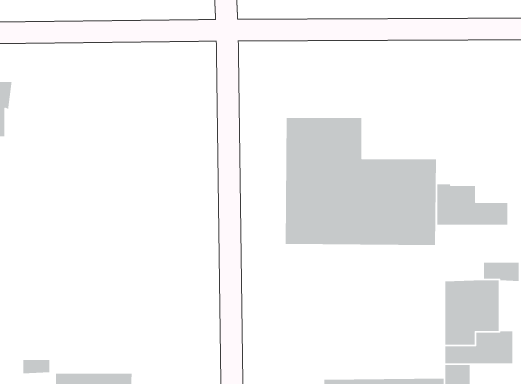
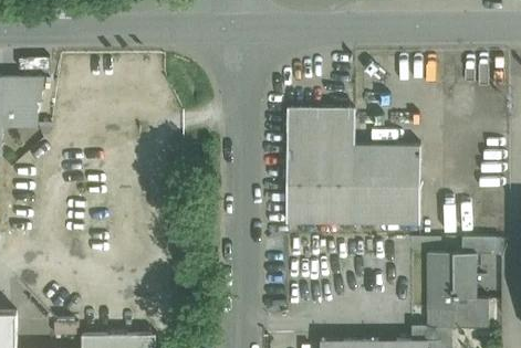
building: [437,184,508,225] -> none

